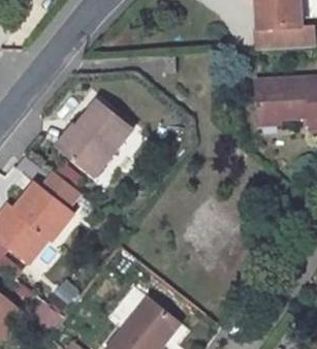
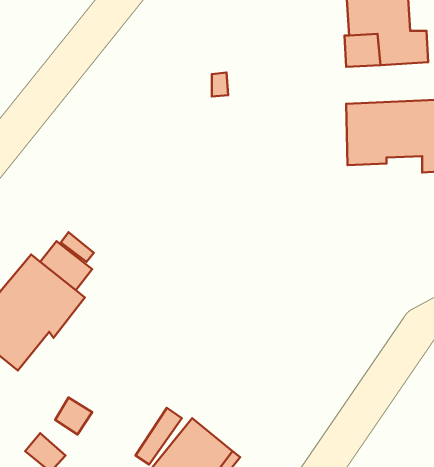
building: [59,99,132,173] -> none

